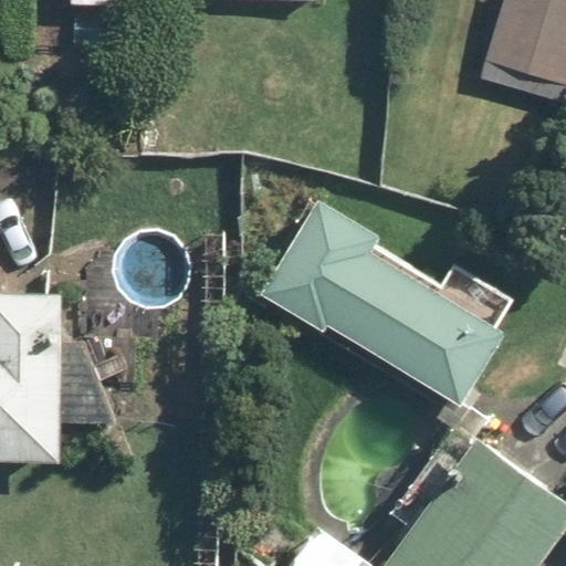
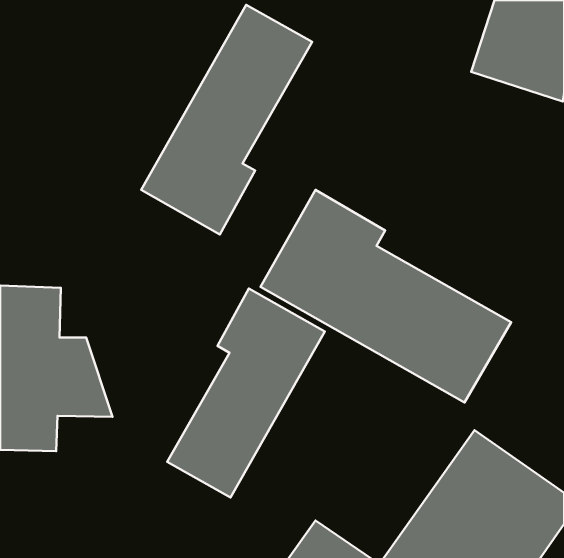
building: none -> [141,5,312,234]
building: none -> [167,288,325,497]

